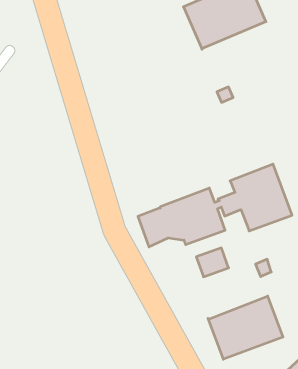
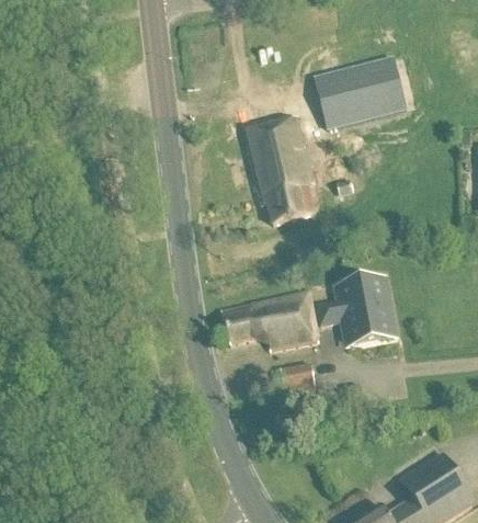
building: none -> [244,115,317,223]
building: [208,296,283,359] -> none

